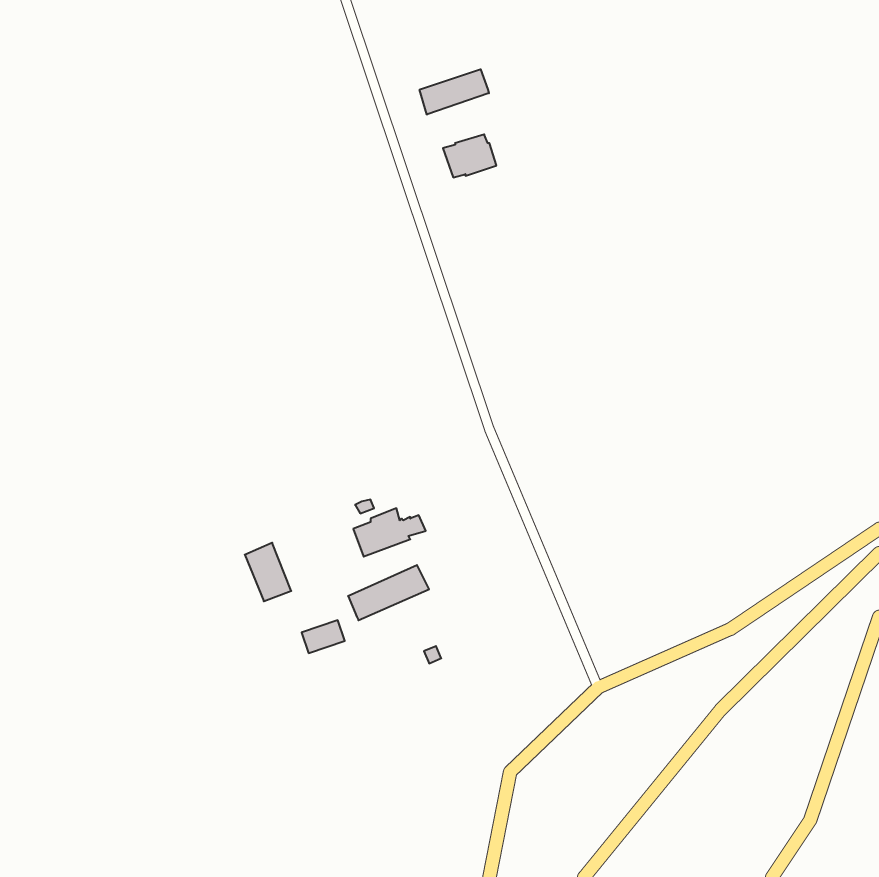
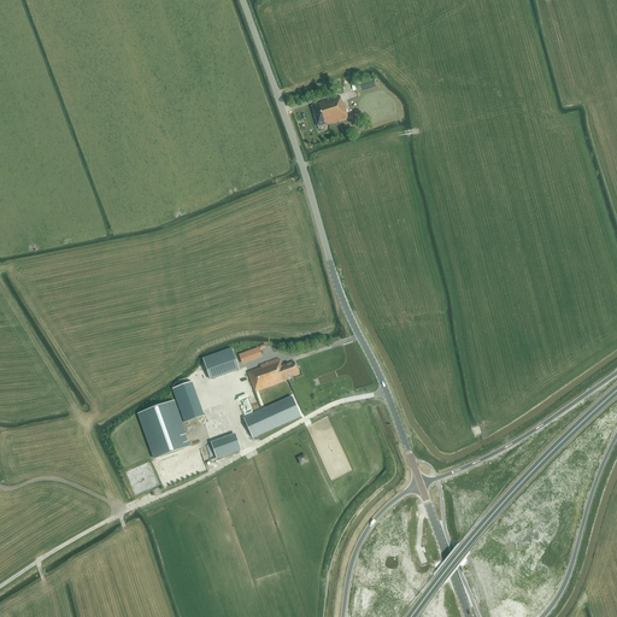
building: [420,69,489,115] -> none
building: none -> [202,346,237,377]
building: none -> [139,399,189,457]

